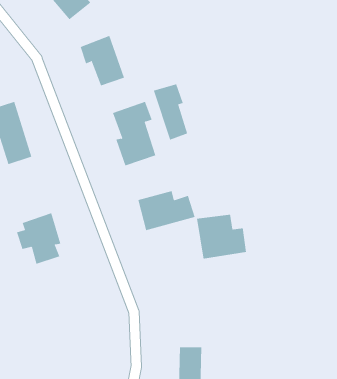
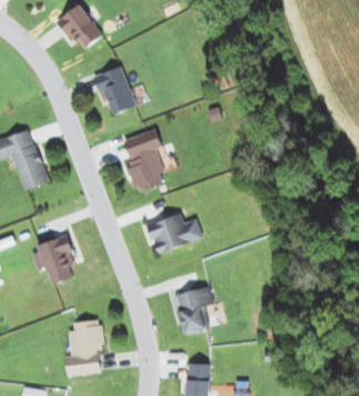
building: [153,83,188,140] -> none
building: [196,214,247,259] -> [176,288,225,331]
building: none -> [64,319,103,375]

